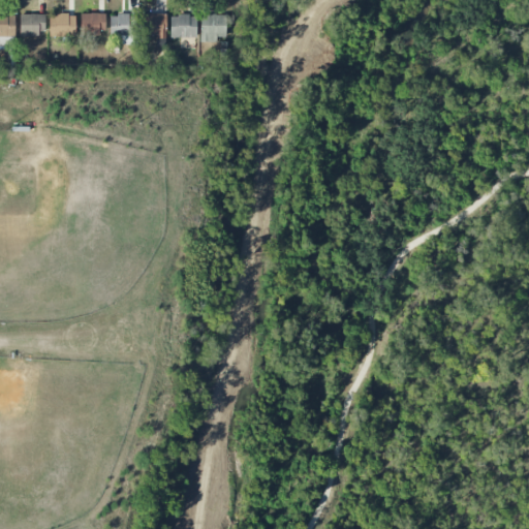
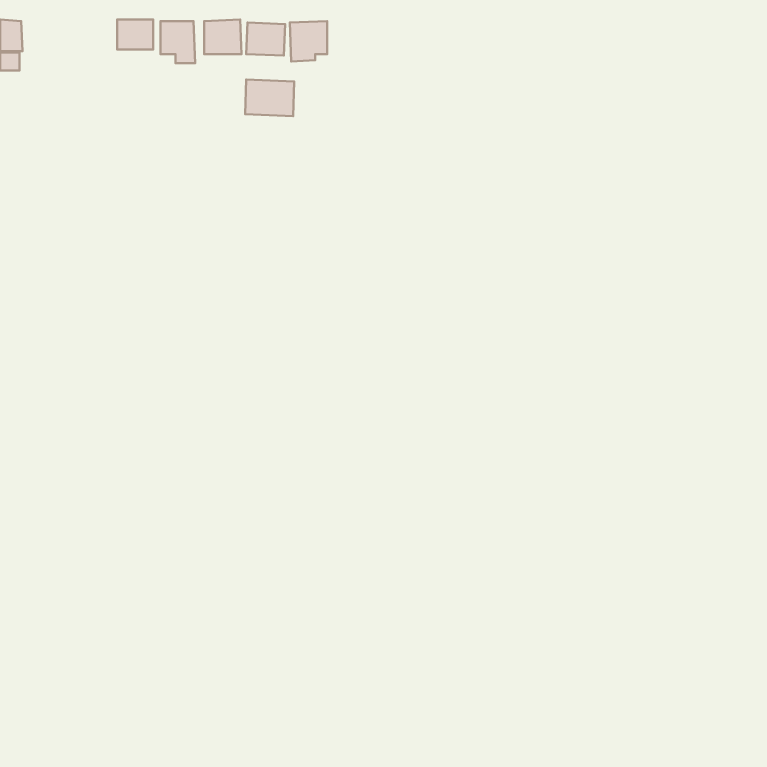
building: [20,14,44,35] -> none
building: [50,14,75,37] -> none
building: none -> [245,79,294,116]

